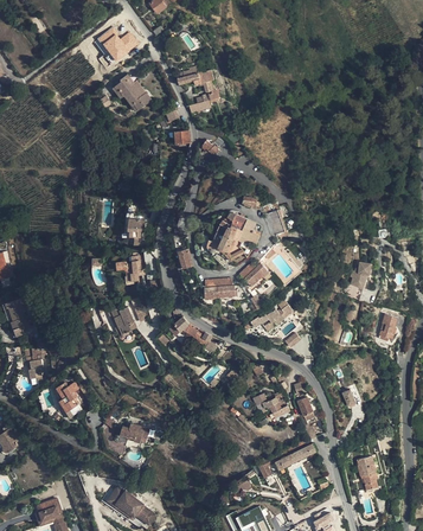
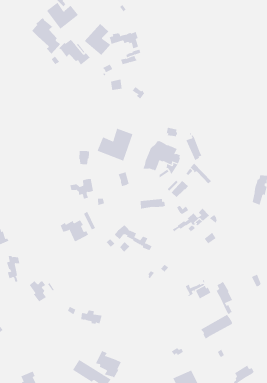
building: none -> [32,17,61,54]
building: none -> [84,23,111,56]
building: none -> [97,128,133,162]
building: none -> [95,350,121,378]

